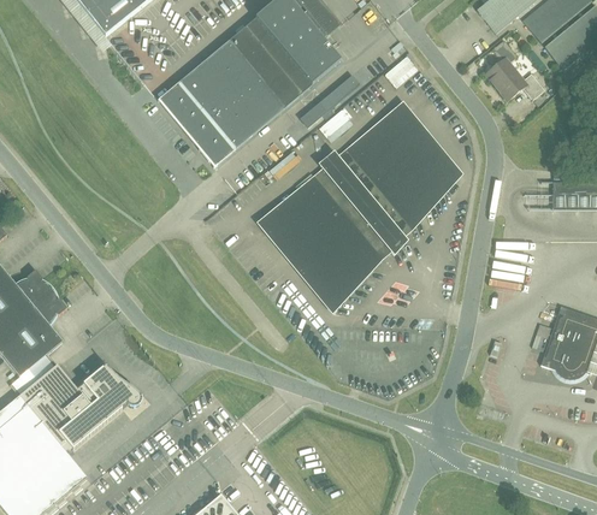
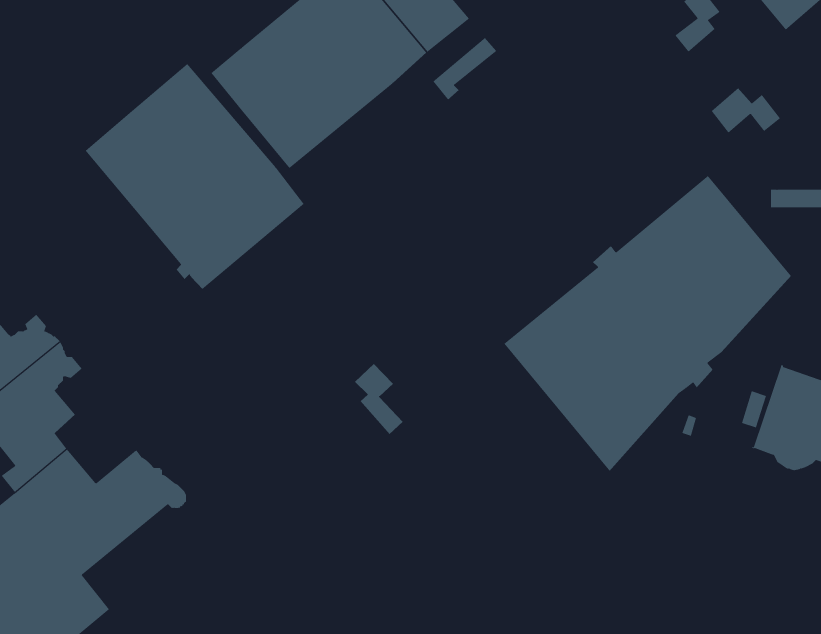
building: [495,67,544,100] -> [711,87,781,133]
building: none -> [85,63,305,290]
building: [258,102,461,312] -> [504,175,792,472]
building: none -> [354,363,404,435]

